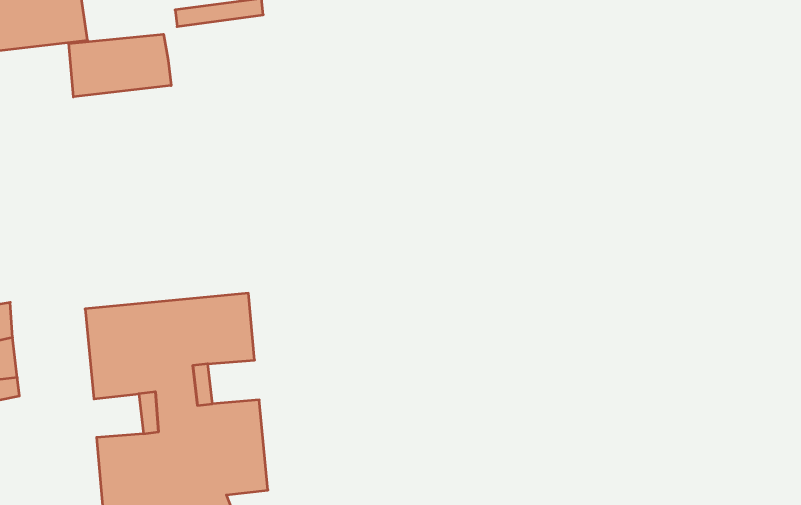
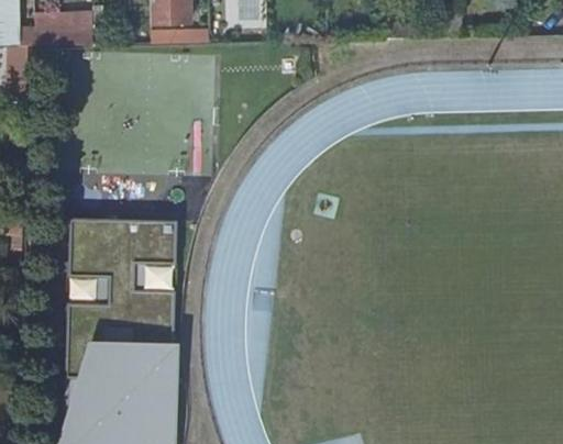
building: [69,34,171,97] -> none

